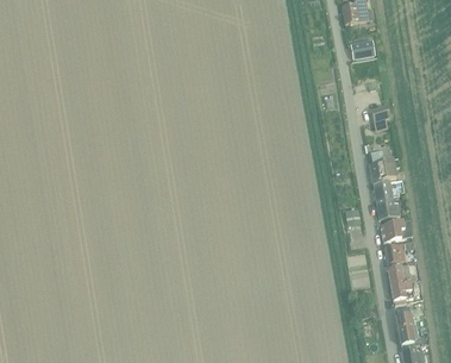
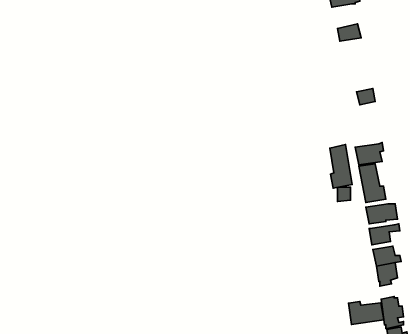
building: none -> [330,145,352,188]
building: none -> [348,301,384,324]

